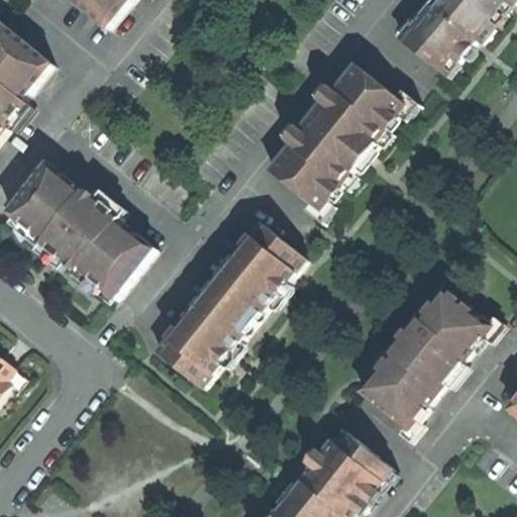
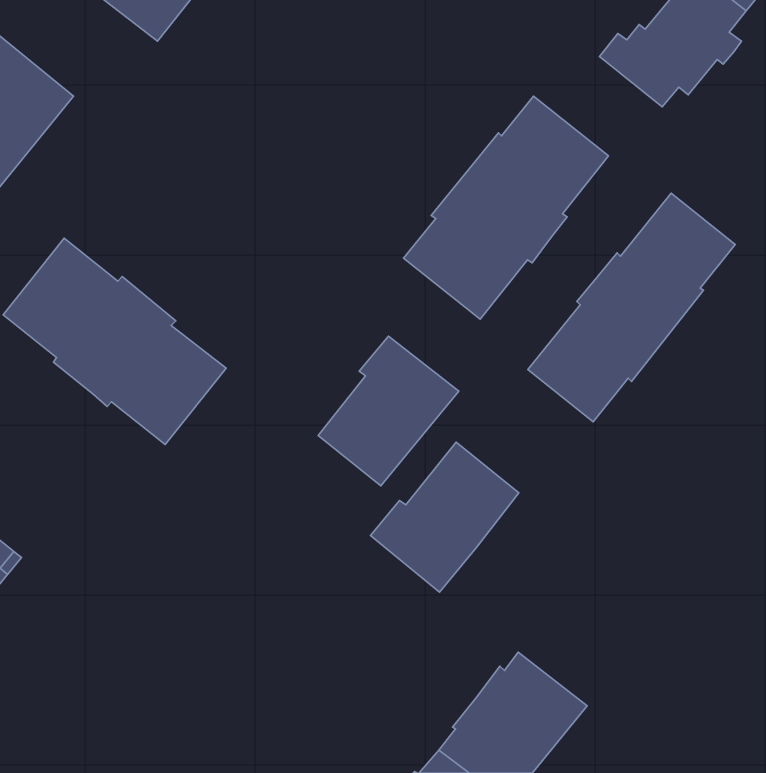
building: none -> [528,193,735,422]
building: [357,287,489,429] -> none
building: [153,288,251,387] -> [371,442,519,592]

